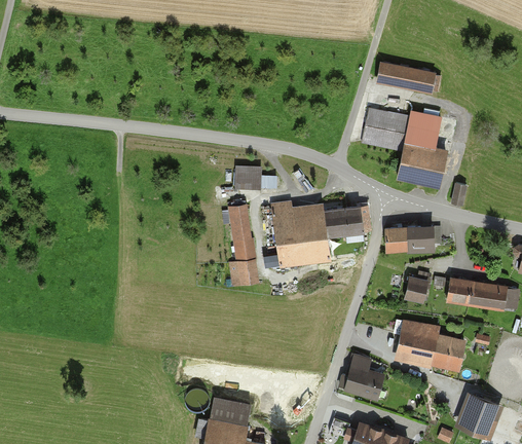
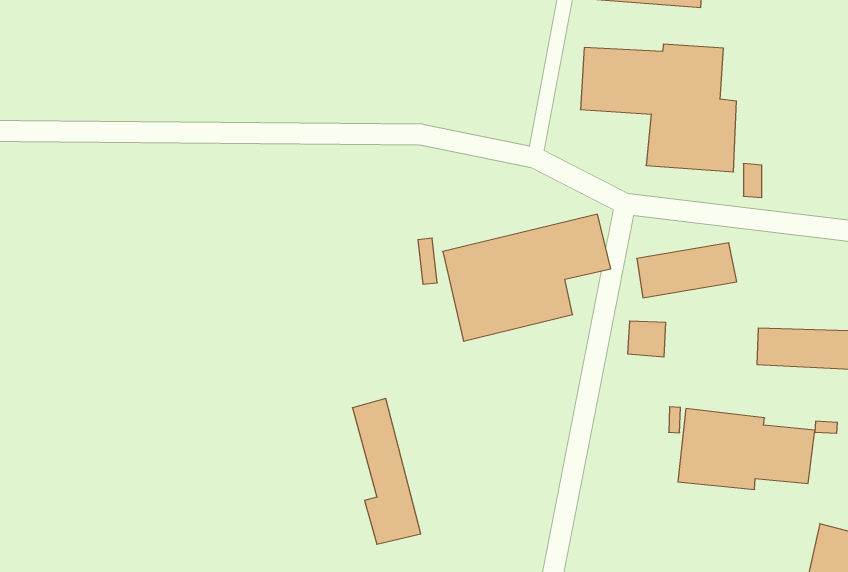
building: [235,165,261,186] -> none
building: [227,205,258,287] -> [352,399,421,544]
building: [404,279,427,301] -> [628,321,666,357]
building: [336,356,387,399] -> none

